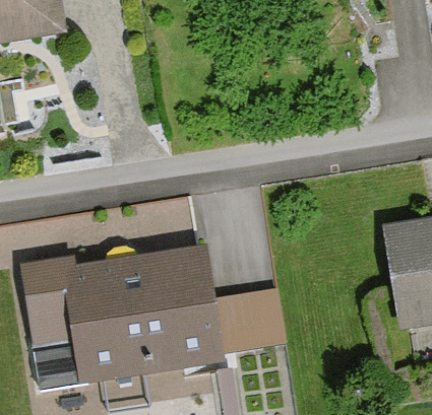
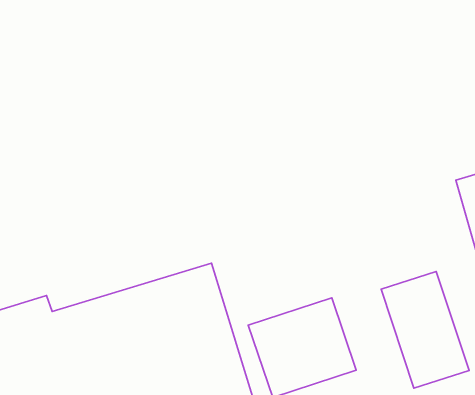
building: none -> [381,272,469,388]

